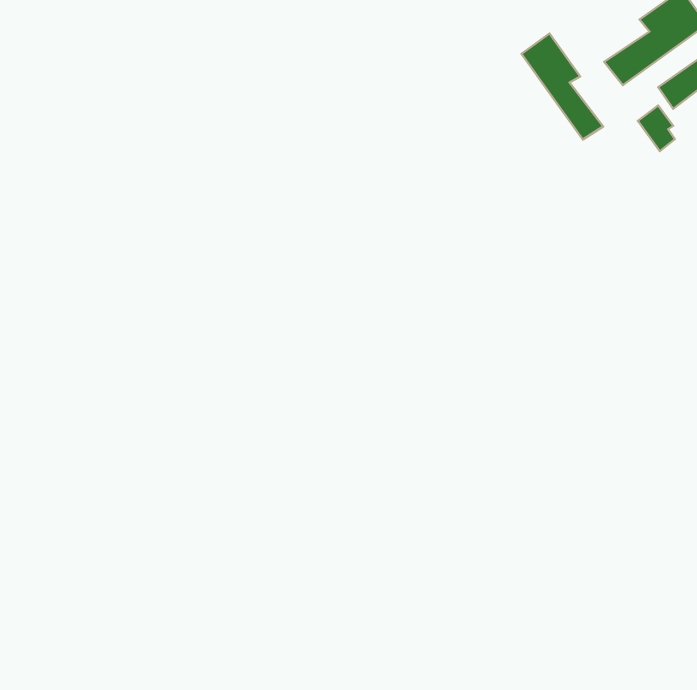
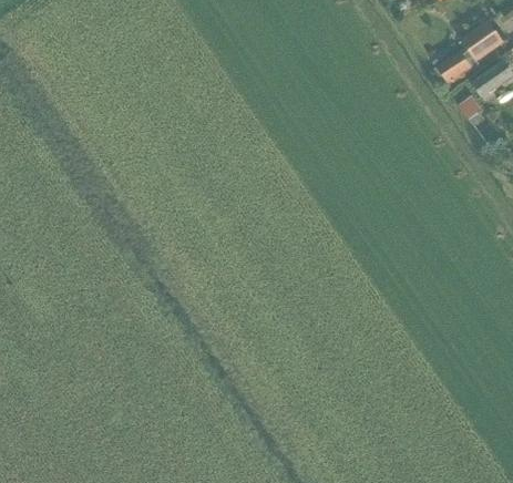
building: [521,34,603,139] -> none

